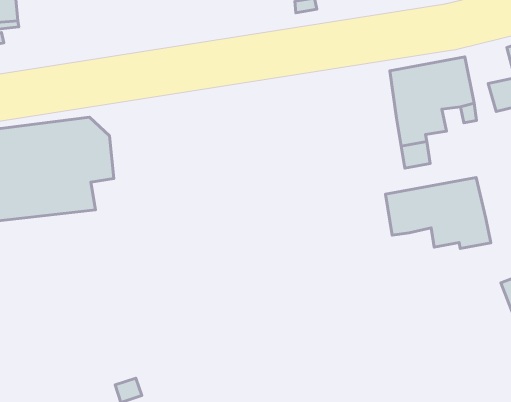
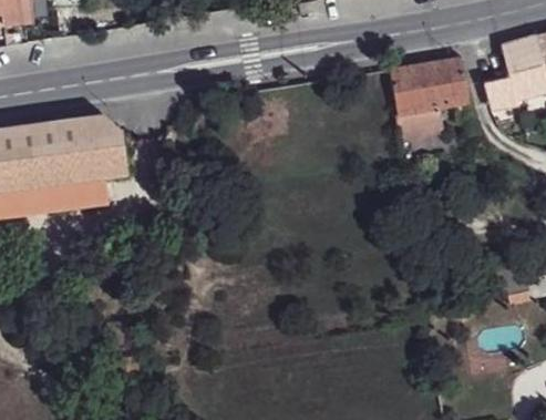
building: [385,177,491,248] -> none

